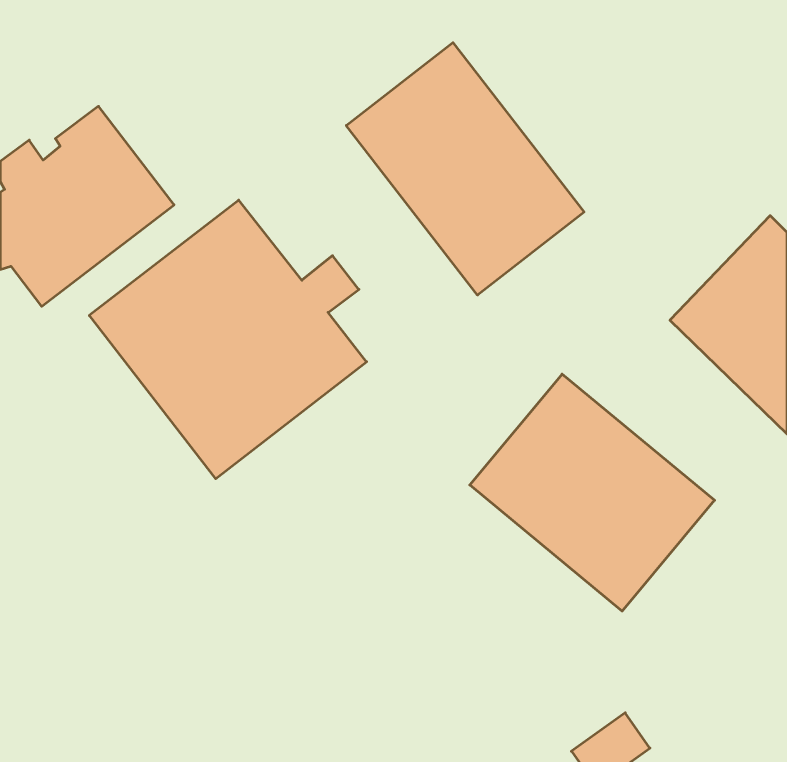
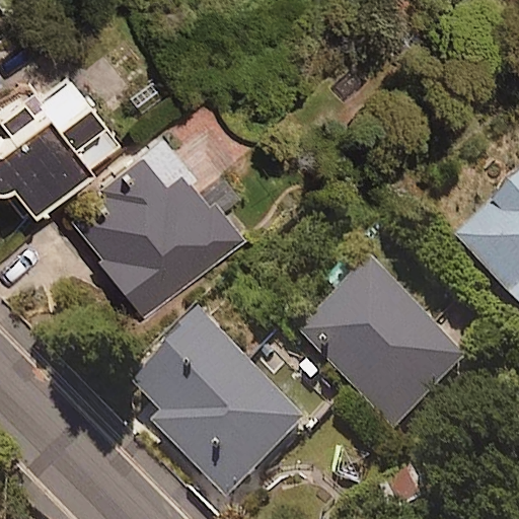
building: [346,43,584,295] -> none
building: none -> [136,322,301,485]

